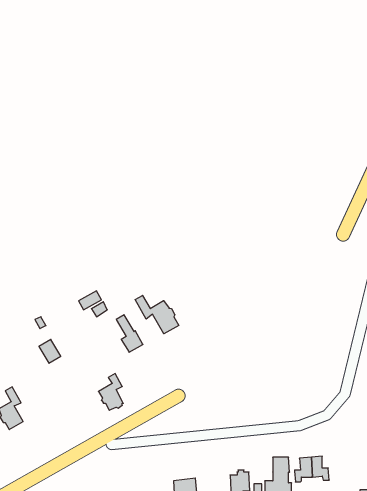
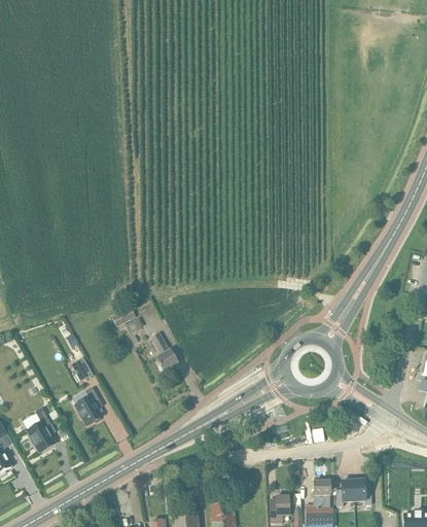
building: [135,295,179,334] -> none
building: [98,374,123,410] -> [75,387,101,425]

